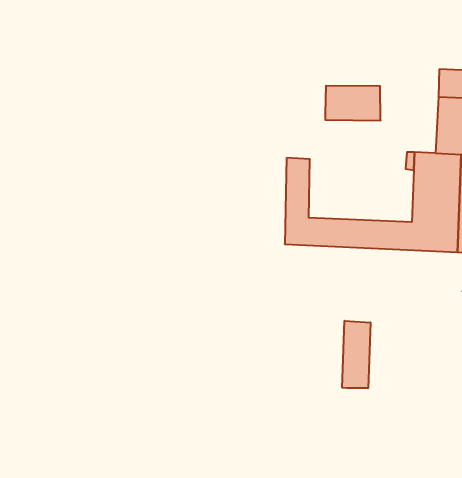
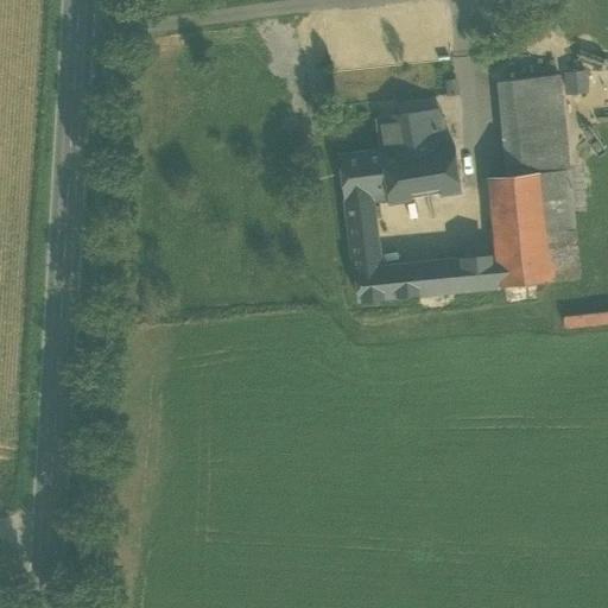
building: none -> [338,146,461,204]
building: [342,321,370,388] -> none

